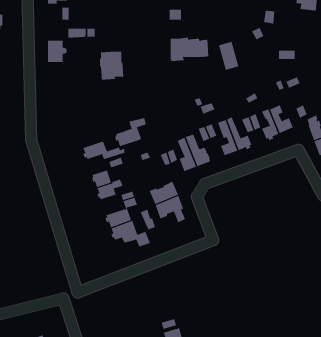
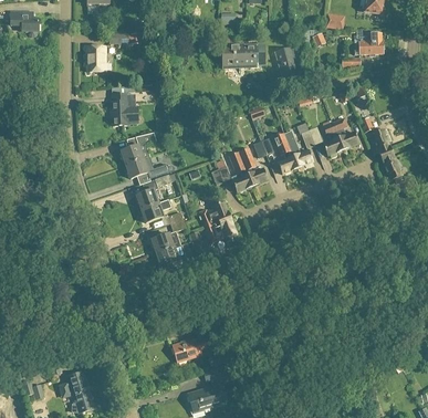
building: none -> [342,30,383,54]
building: [99,51,124,80] -> [109,94,137,126]
building: [115,118,147,147] -> [119,133,155,165]
building: none -> [171,335,212,362]

